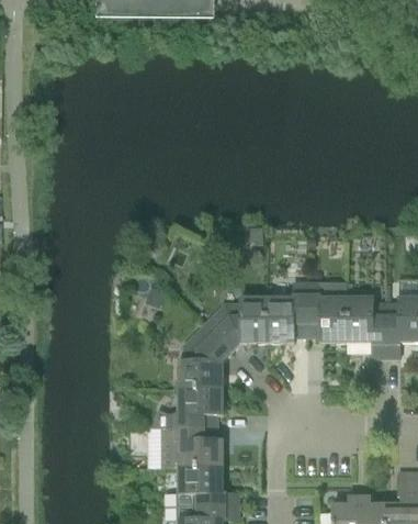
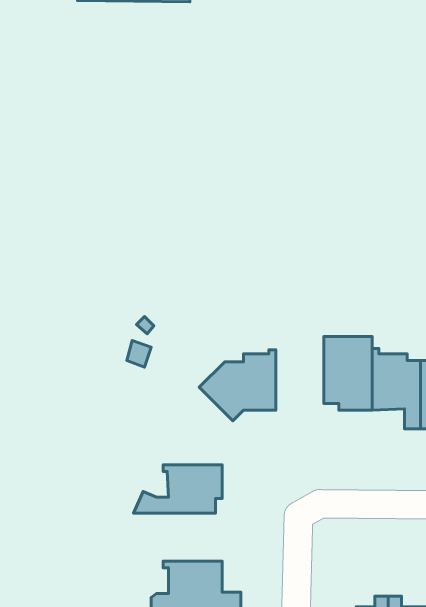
building: [268,282,307,343] -> none
building: [176,324,233,388] -> none
building: [165,427,224,467] -> none

